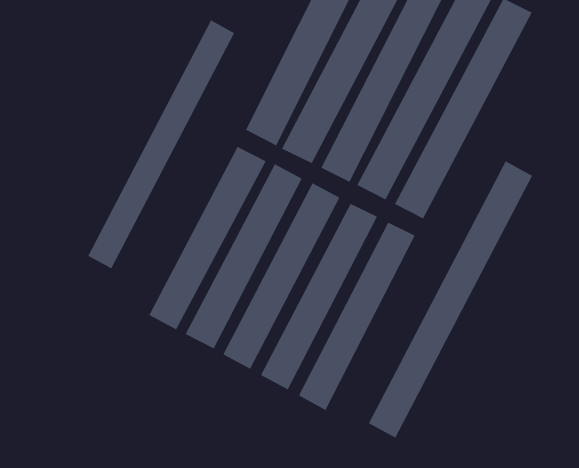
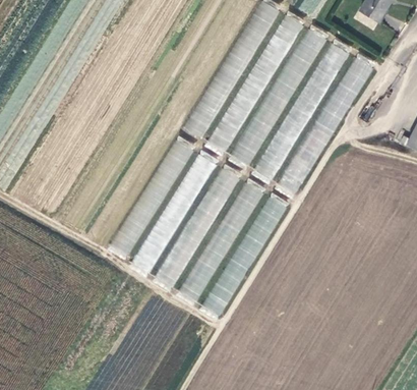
building: [88,20,235,269] -> none
building: [368,160,533,439] -> none

